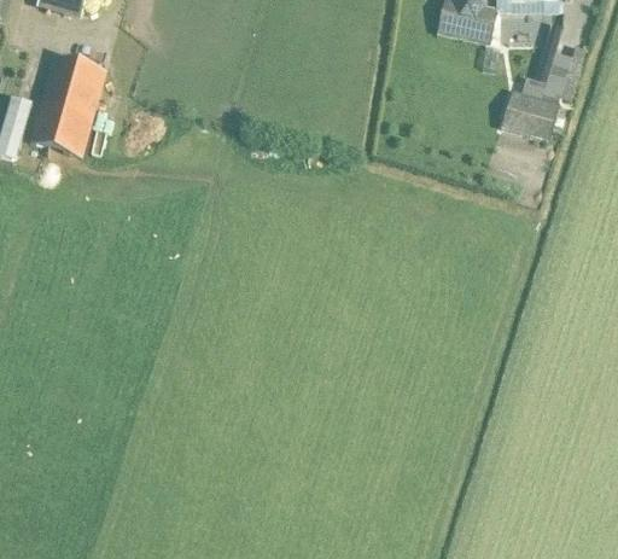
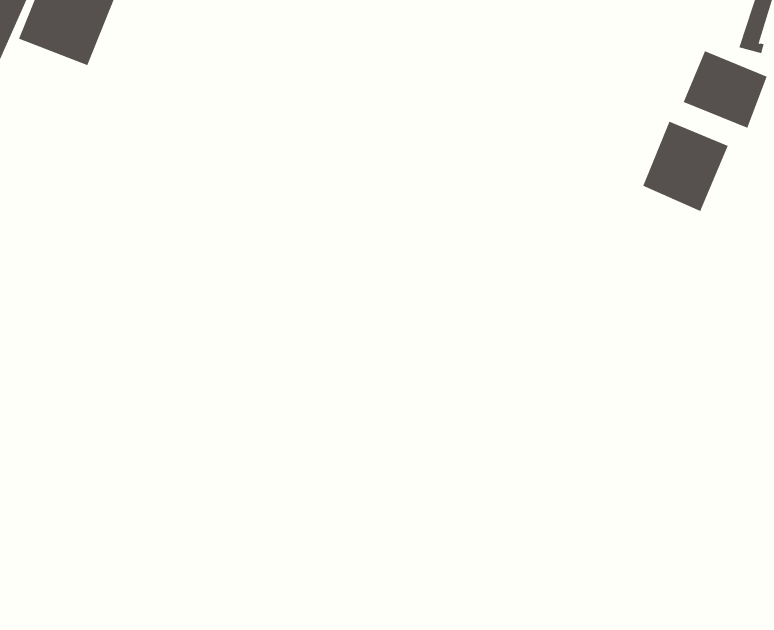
building: none -> [642,121,728,212]

